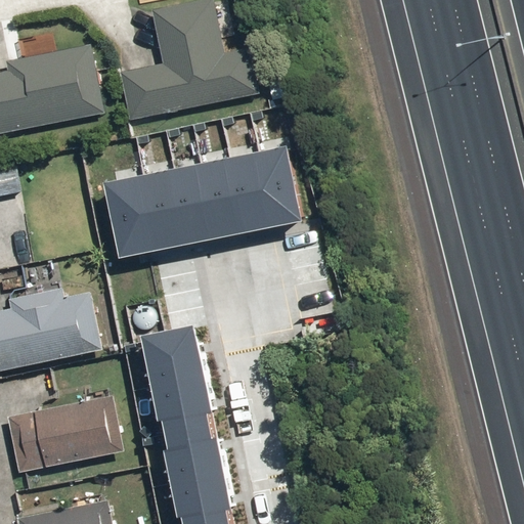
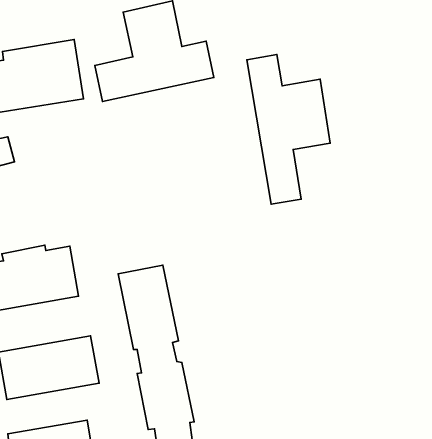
building: none -> [247,55,330,204]
building: [104,141,301,253] -> none

